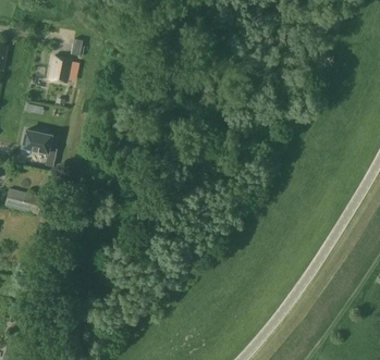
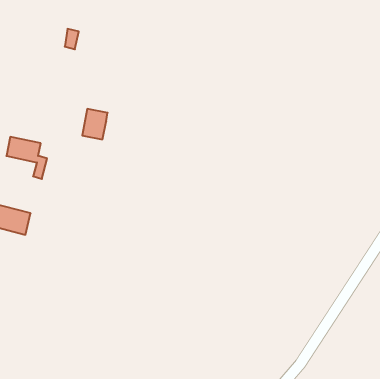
building: [49,55,71,82] -> [82,109,108,139]

